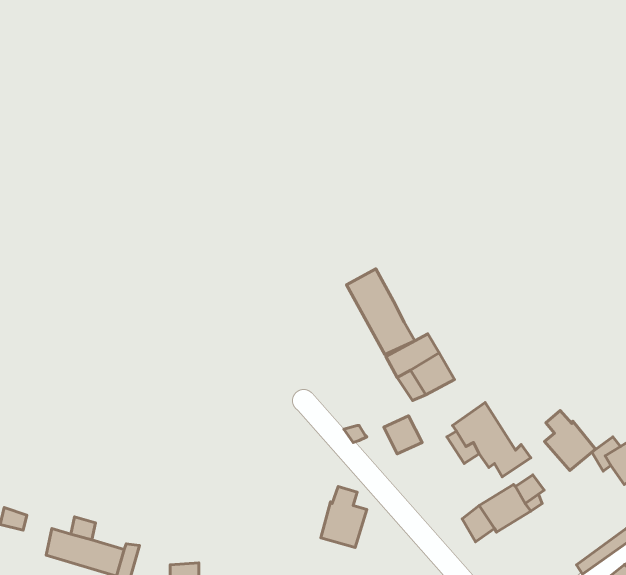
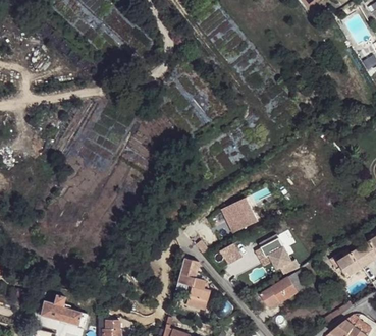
building: [346,269,415,355] -> none
building: [545,411,595,470] -> none
building: none -> [177,259,199,287]

